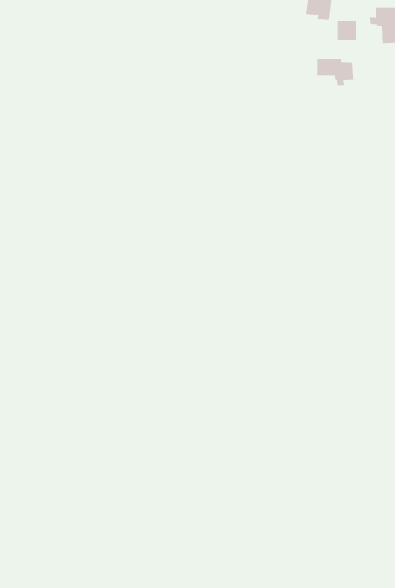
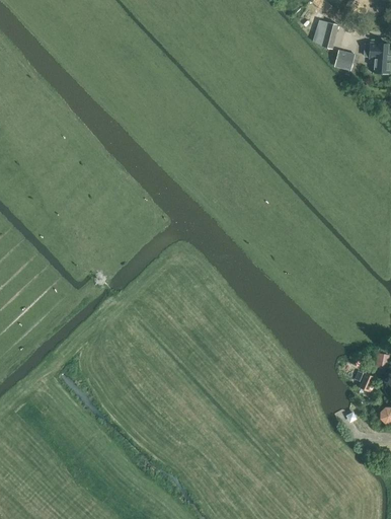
building: [317,58,354,86] -> none

